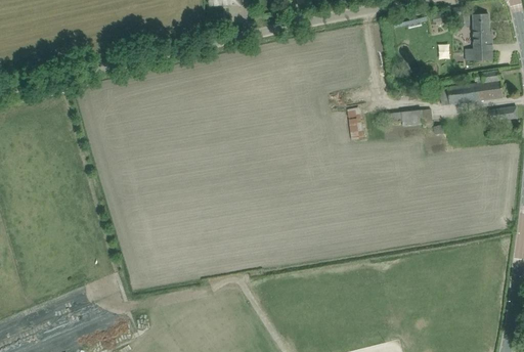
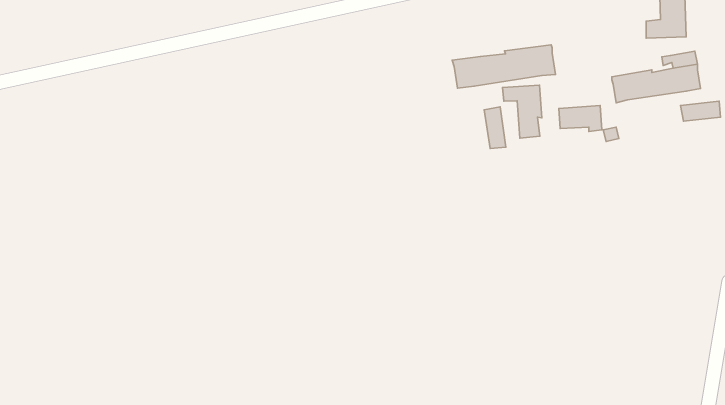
building: none -> [452,45,555,88]
building: none -> [502,85,542,138]

